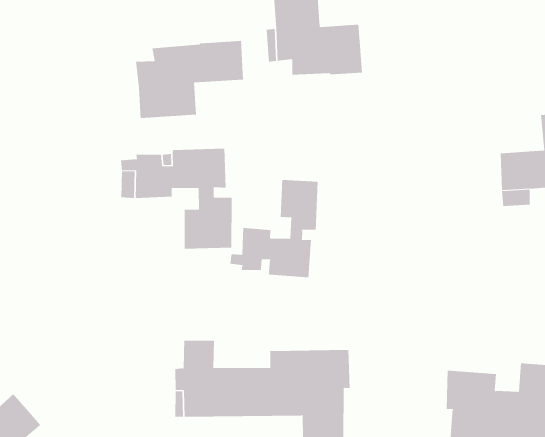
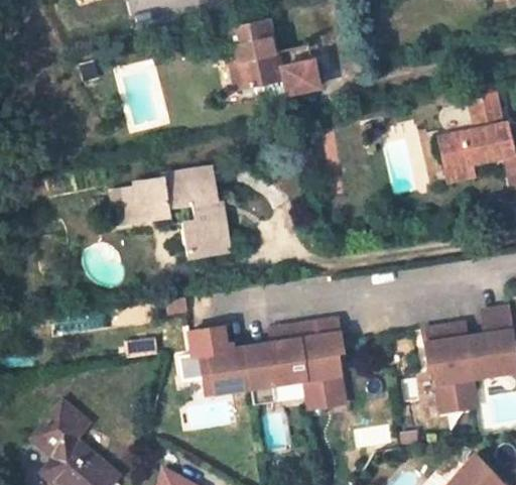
building: [136,40,244,119] -> none
building: [230,179,318,278] -> none

